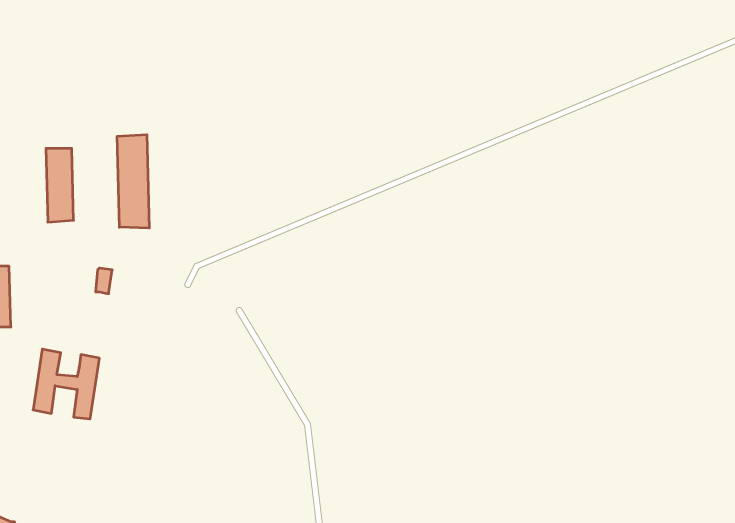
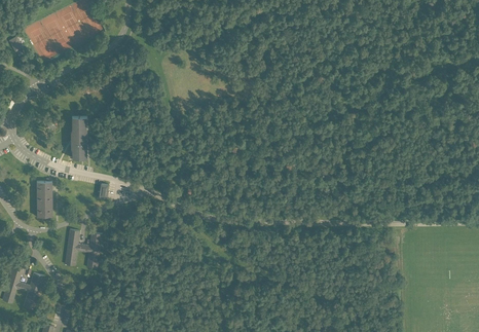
building: [117,135,149,228] -> none

